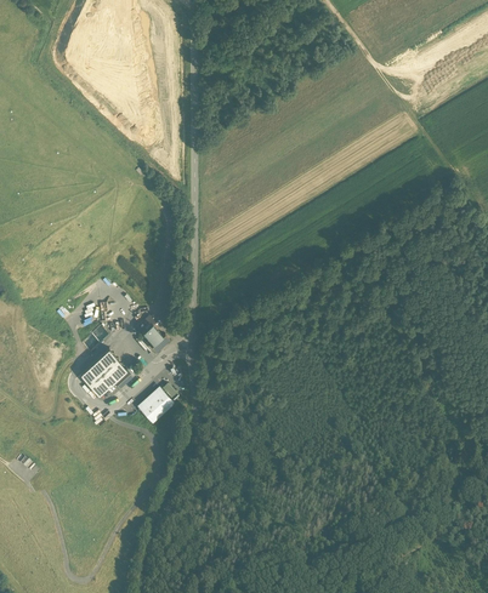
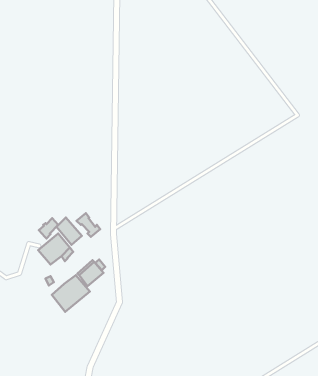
building: none -> [56,218,82,245]
building: none -> [52,275,90,312]

